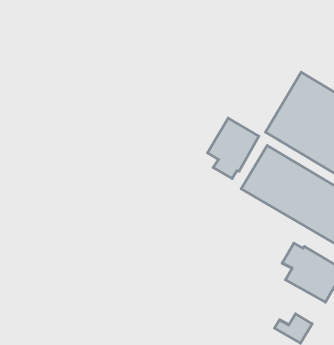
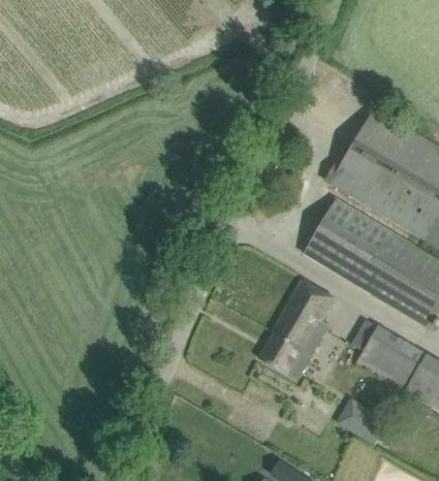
building: [208,118,259,179] -> none
building: none -> [259,279,335,379]

